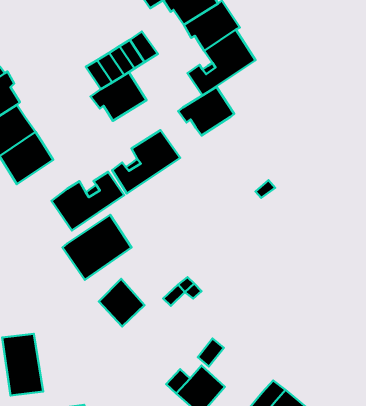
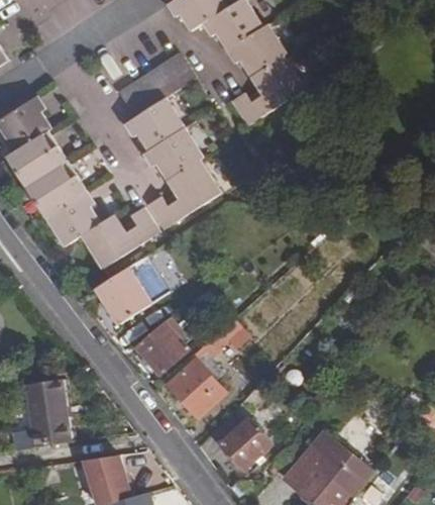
building: [178,87,234,135] -> [143,128,204,181]
building: none -> [44,193,99,248]
building: none -> [166,361,222,418]

